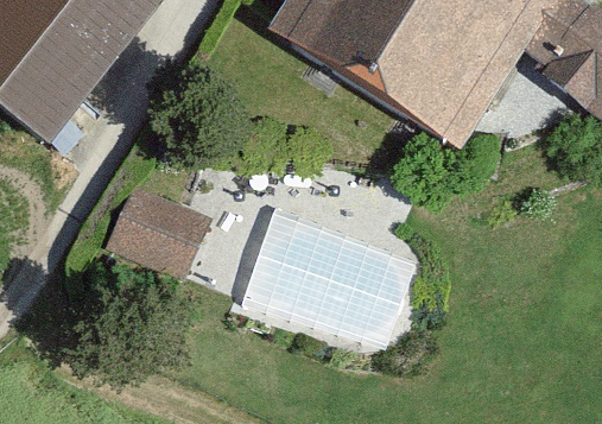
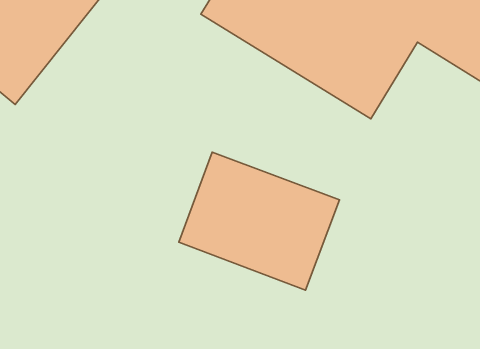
building: [110,179,213,274] -> none

